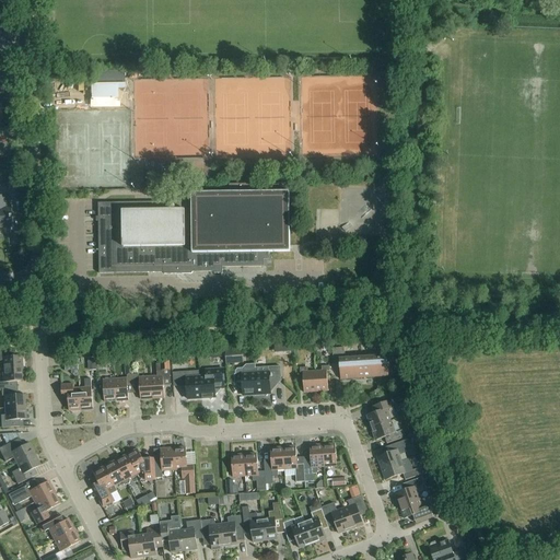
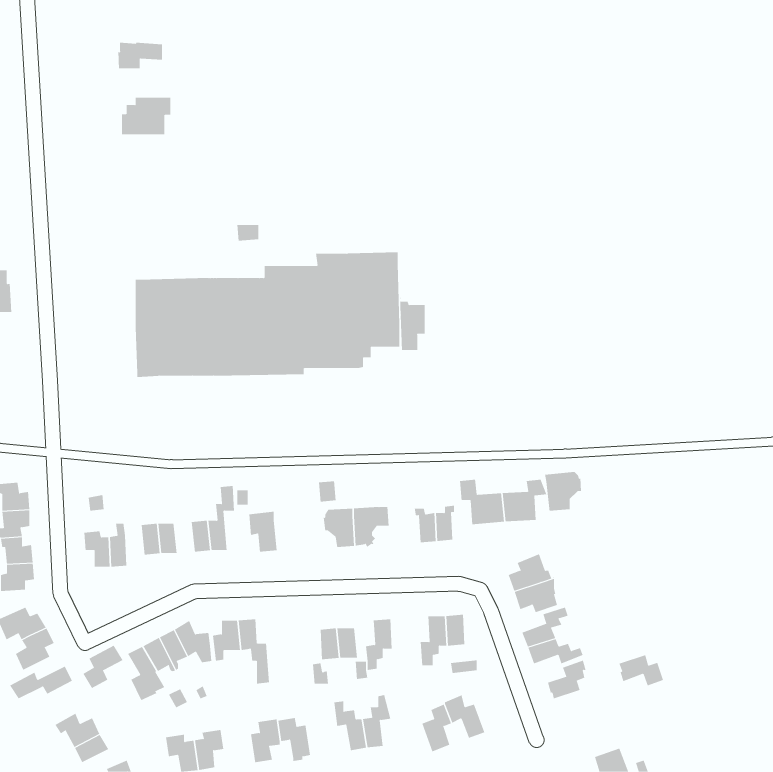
building: none -> [118,42,163,69]
building: none -> [399,296,425,351]
building: none -> [544,471,581,511]
building: [198,368,224,399] -> none
building: [282,445,304,481] -> none
building: [30,491,59,523] -> [82,645,123,689]
building: [342,494,368,528] -> none
building: [399,498,432,521] -> [618,654,664,686]
building: [221,514,242,545] -> none
building: [283,517,312,547] -> none
building: [160,522,184,552] -> none

